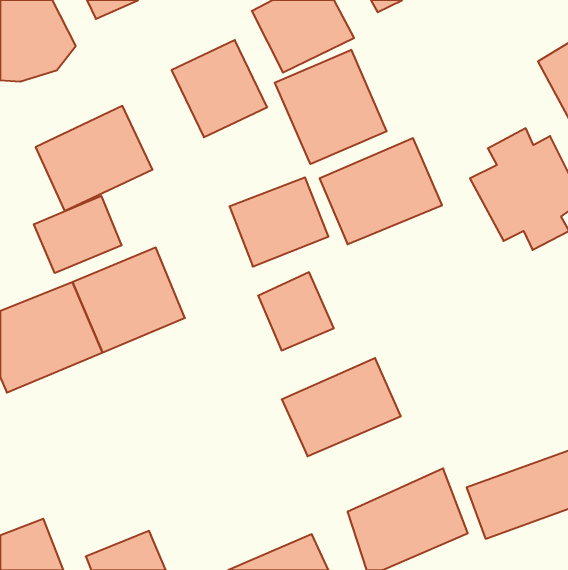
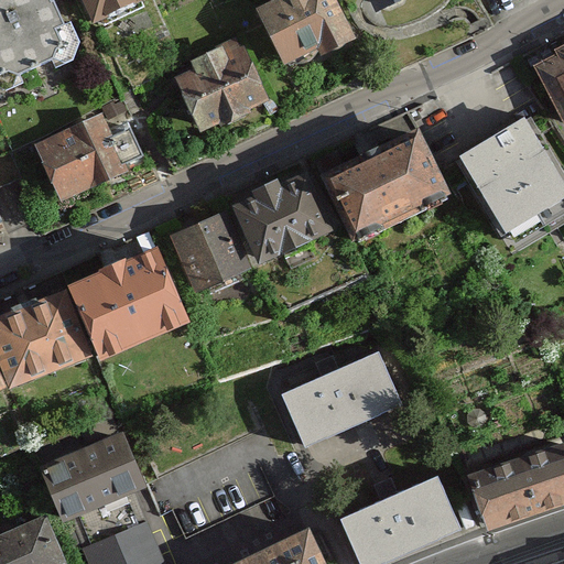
building: [275,50,387,164] -> none
building: [34,196,122,273] -> none
building: [258,272,334,350] -> [171,214,246,291]
building: none -> [42,426,148,516]

